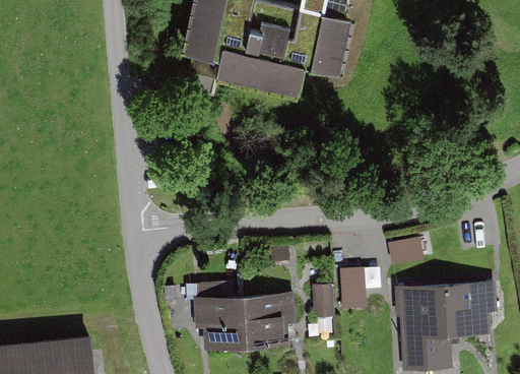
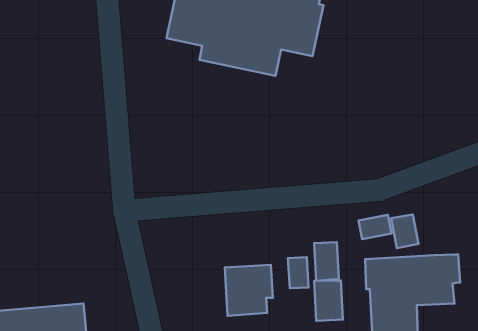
building: none -> [391,215,419,248]
building: [193,296,247,350] -> none
building: none -> [314,280,343,321]

